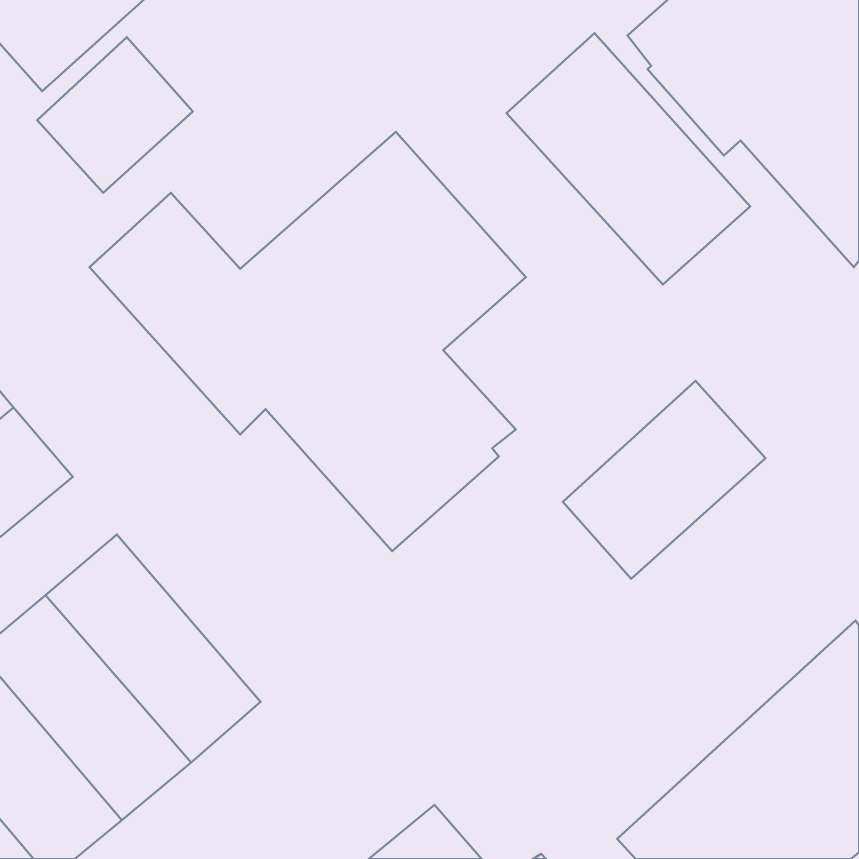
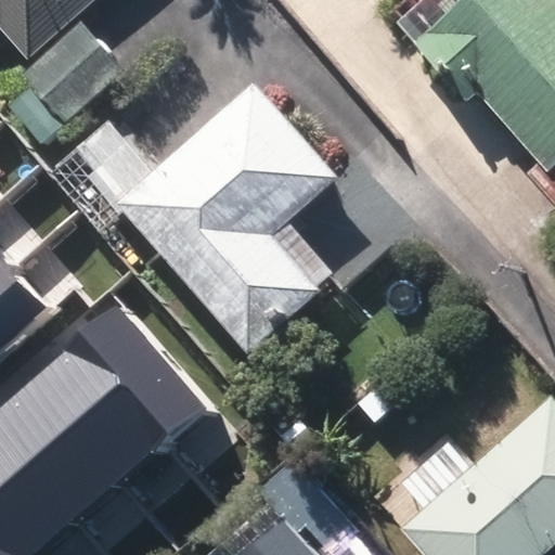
building: [506,33,750,285] -> none
building: [563,381,766,579] -> none
building: none -> [75,300,217,450]

